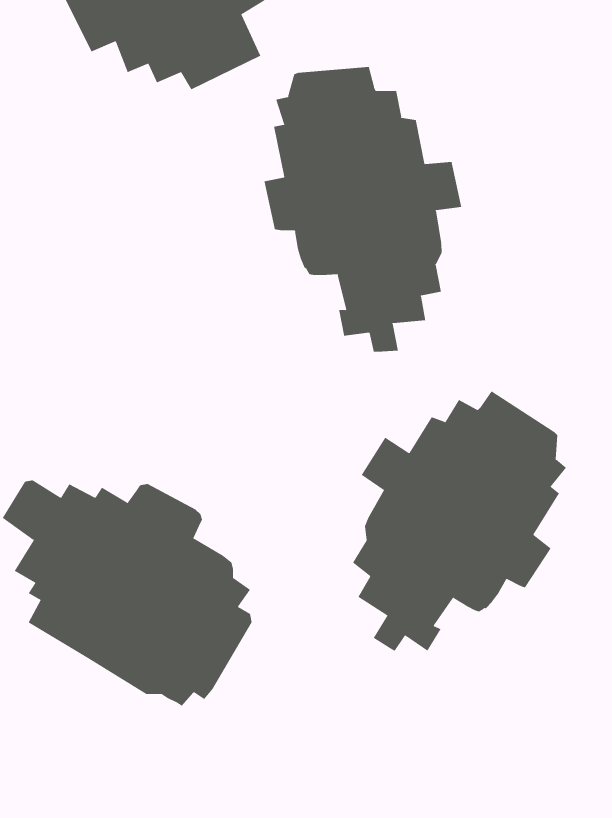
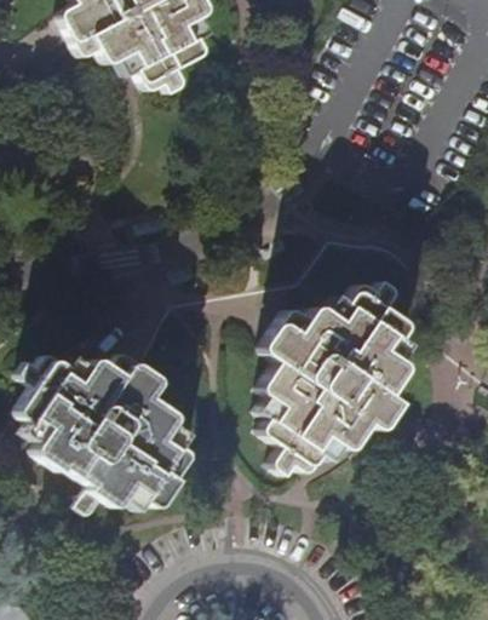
building: [264,66,462,353] -> none

